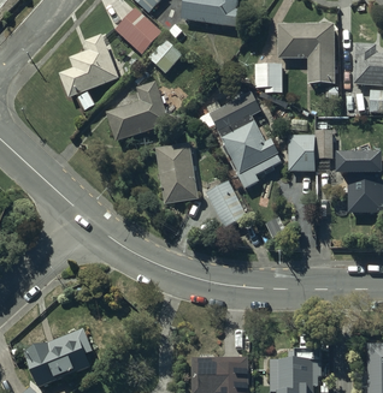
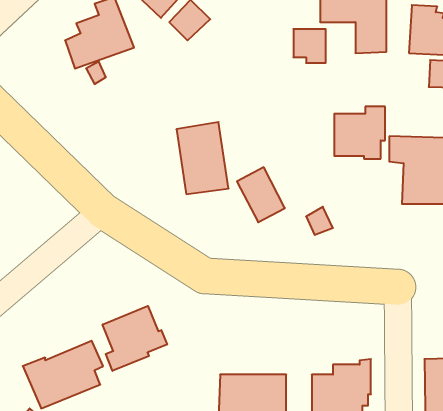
building: [105,81,169,141] -> none
building: [208,91,282,187] -> none
building: none -> [103,306,167,371]

